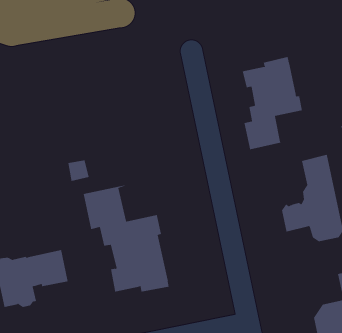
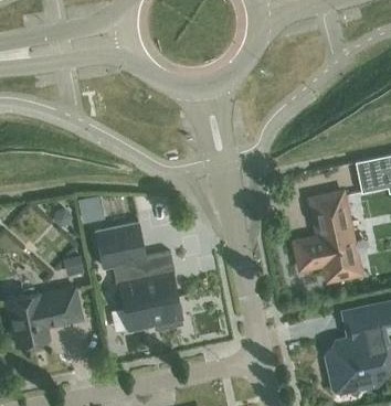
building: [242,56,302,150] -> none

